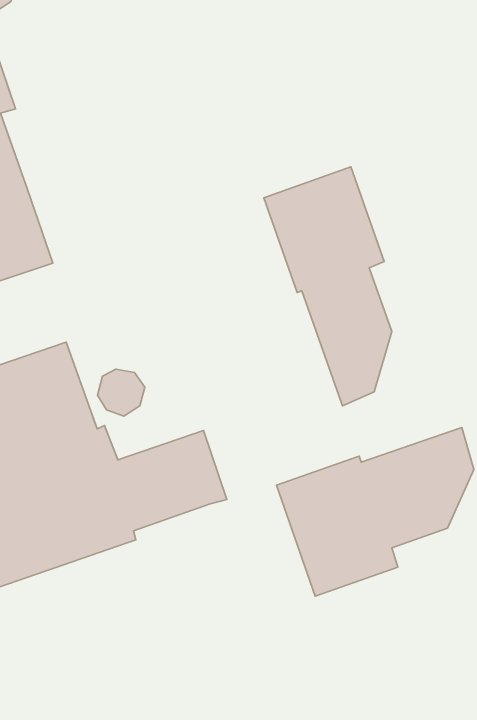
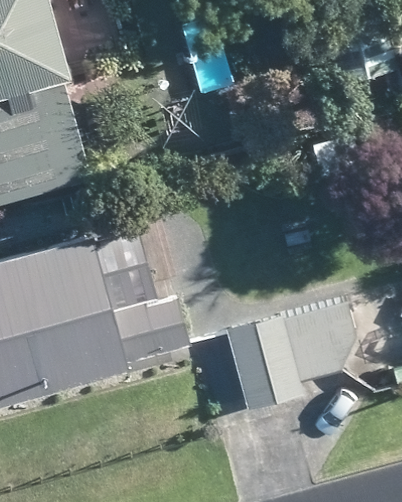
building: [264,167,392,406] -> none

